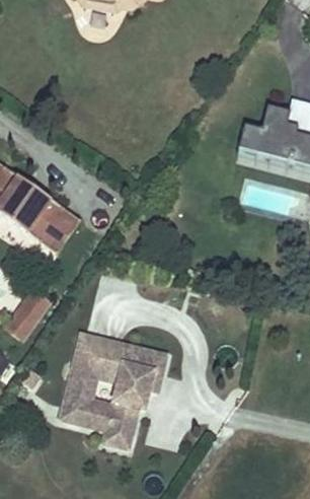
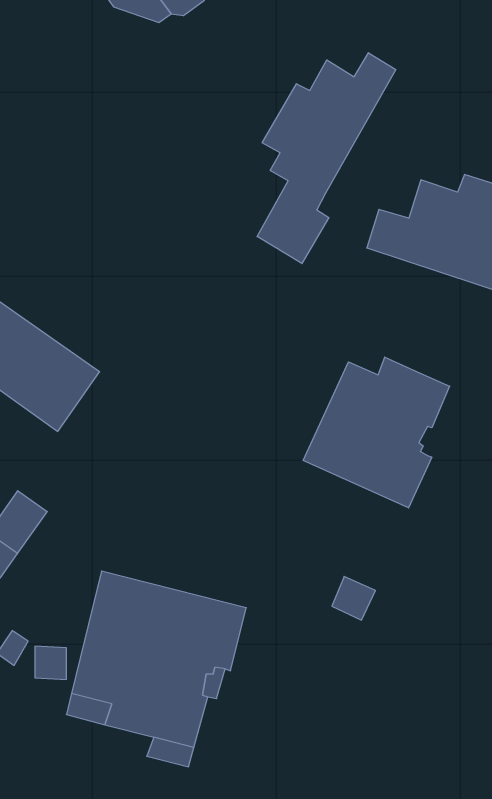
building: none -> [257,53,396,264]
building: none -> [303,357,450,508]

